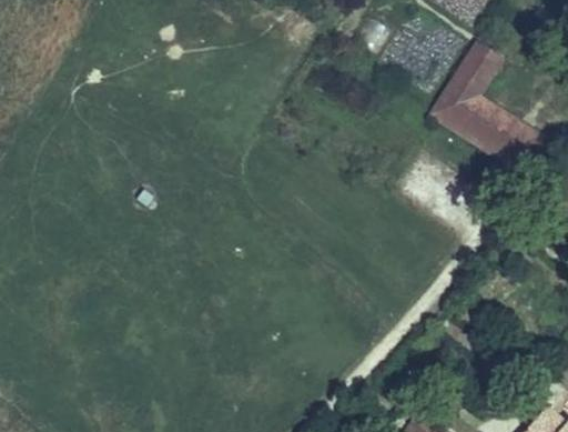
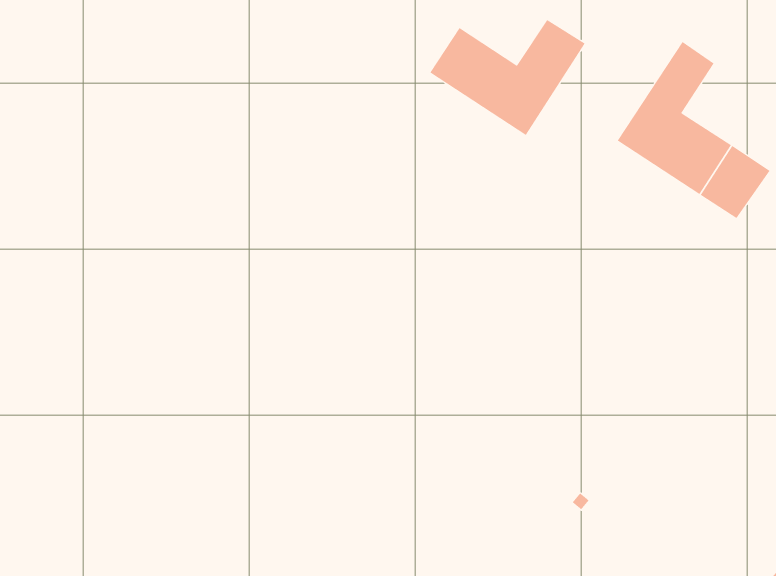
building: none -> [429,19,586,136]

